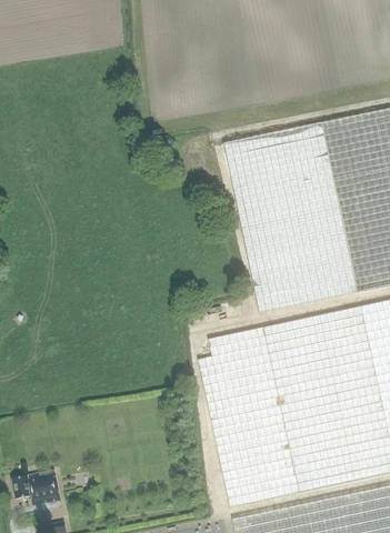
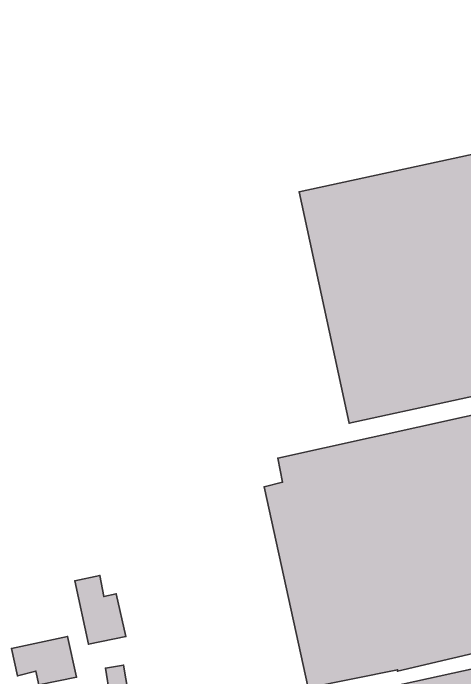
building: none -> [75,576,126,644]

